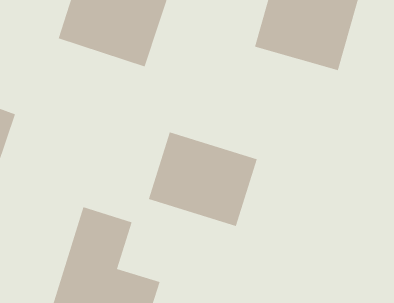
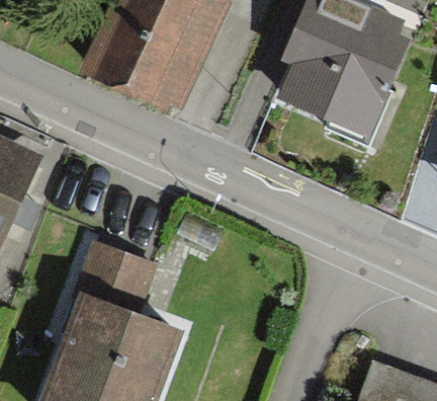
building: [148,132,257,227] -> none

